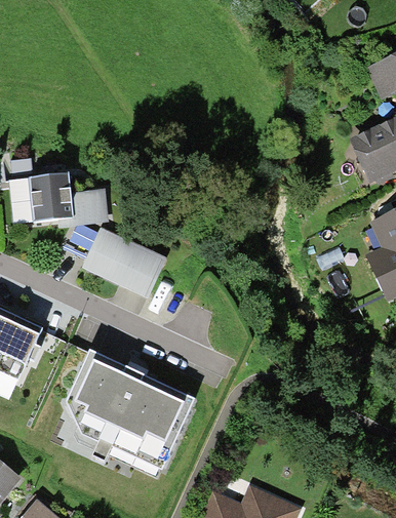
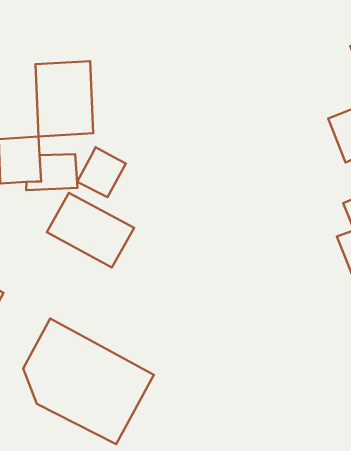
building: none -> [35,61,93,136]
building: none -> [77,147,126,197]

